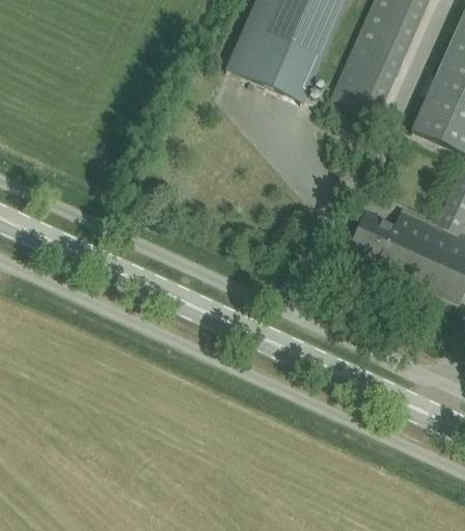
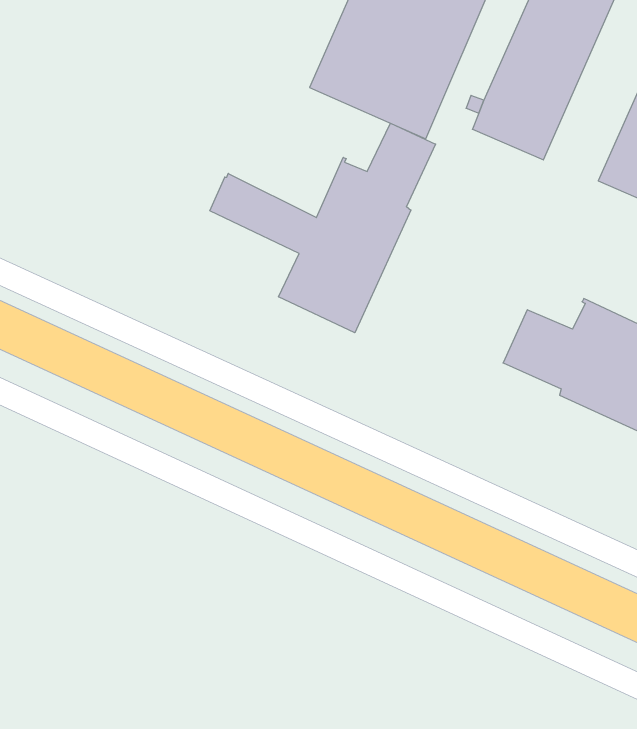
building: none -> [210,123,436,333]

